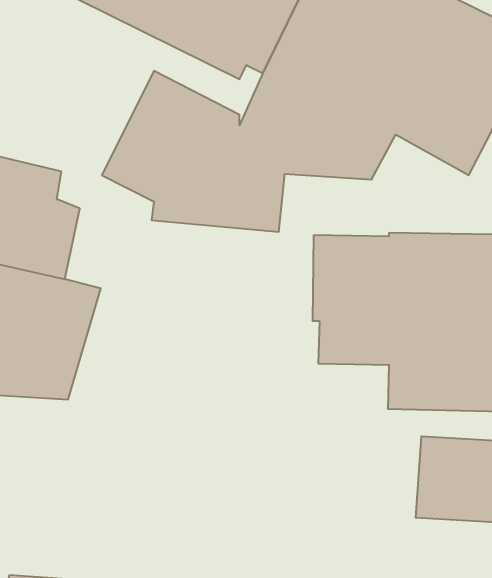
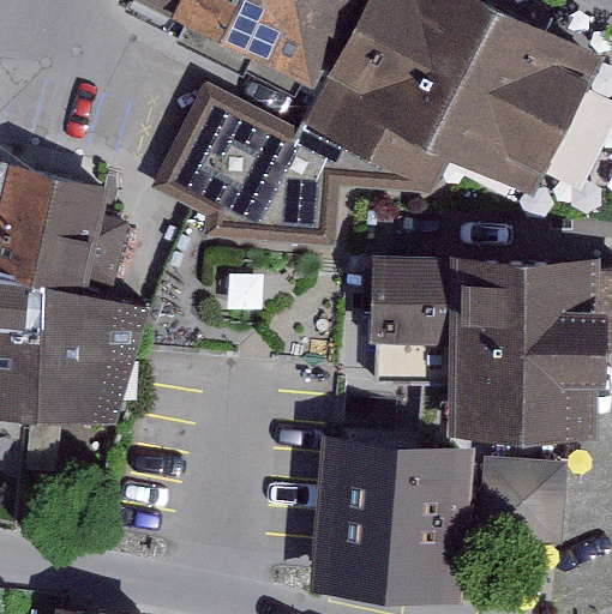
building: none -> [310,438,476,604]

